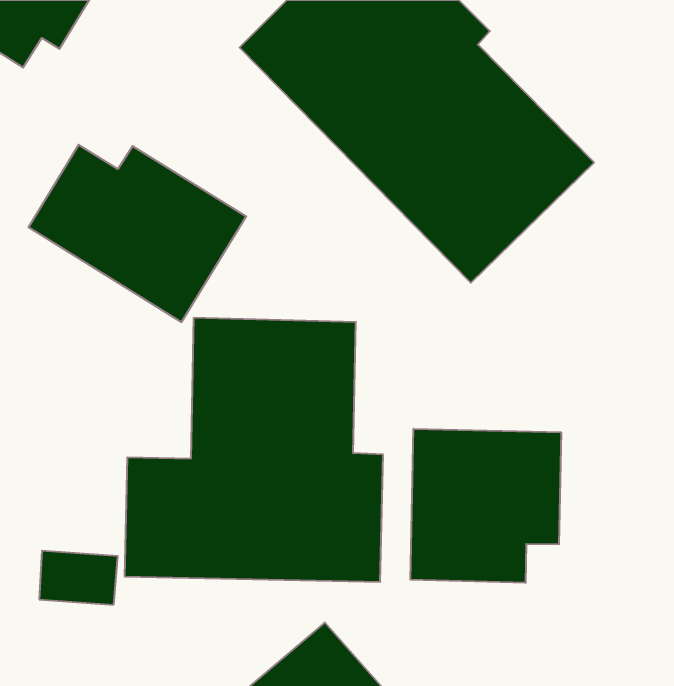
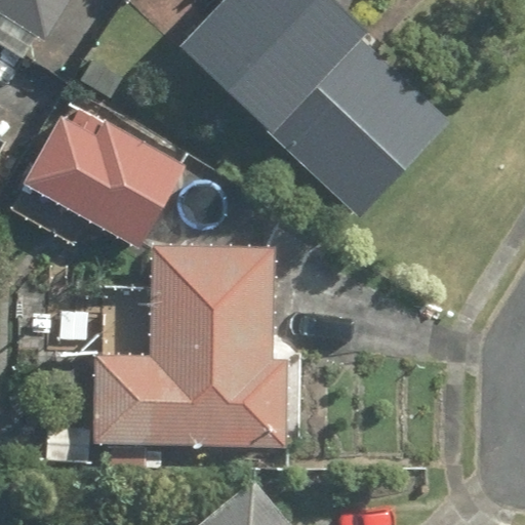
building: [410,429,561,583] -> none

